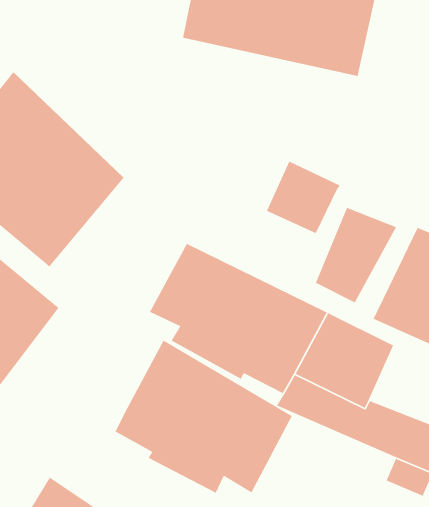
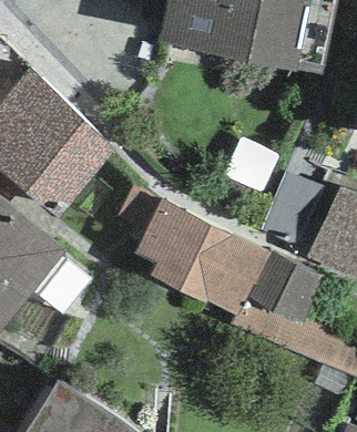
building: [115,339,293,494] -> none

